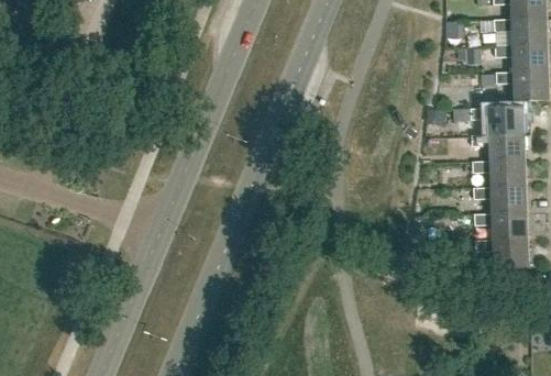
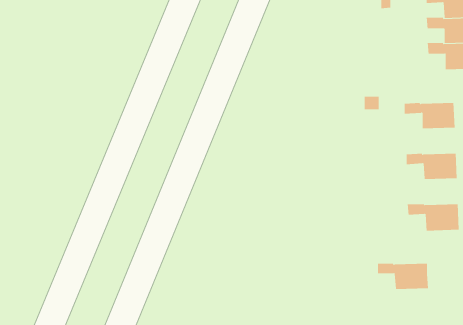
building: [469,108,522,136] -> none
building: [471,162,525,189] -> none
building: [473,214,527,242] -> [377,263,429,289]

